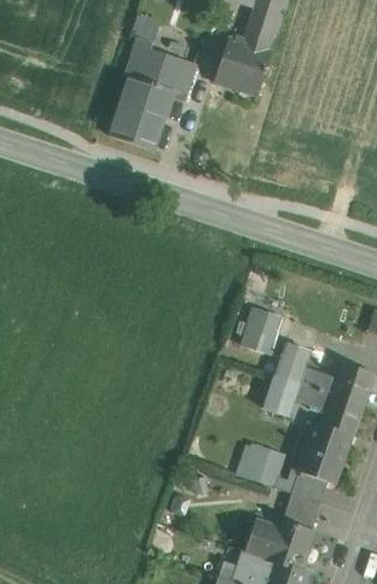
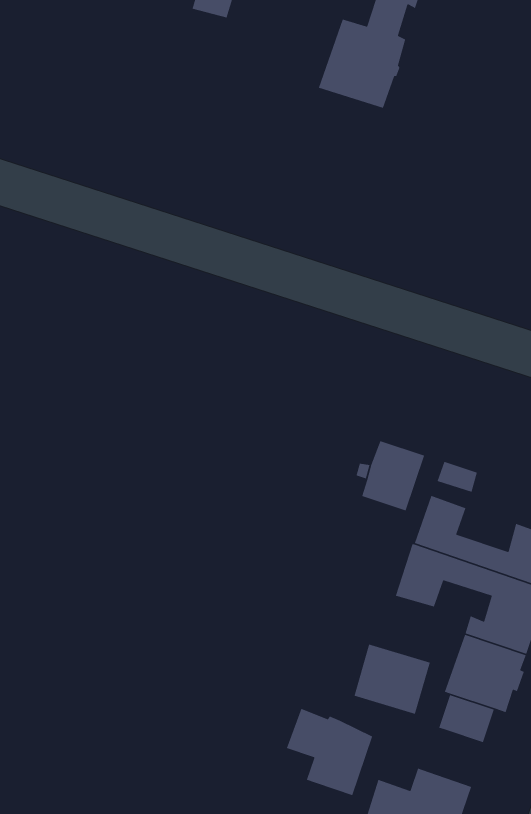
building: [109,39,196,151] -> none
building: none -> [286,708,373,796]
building: [284,495,319,530] -> none

